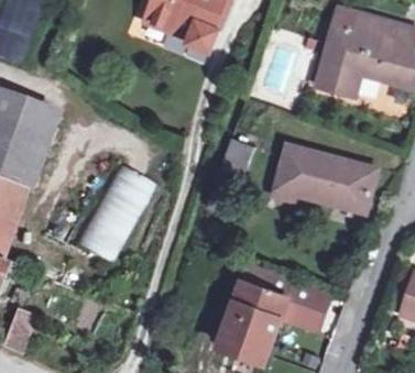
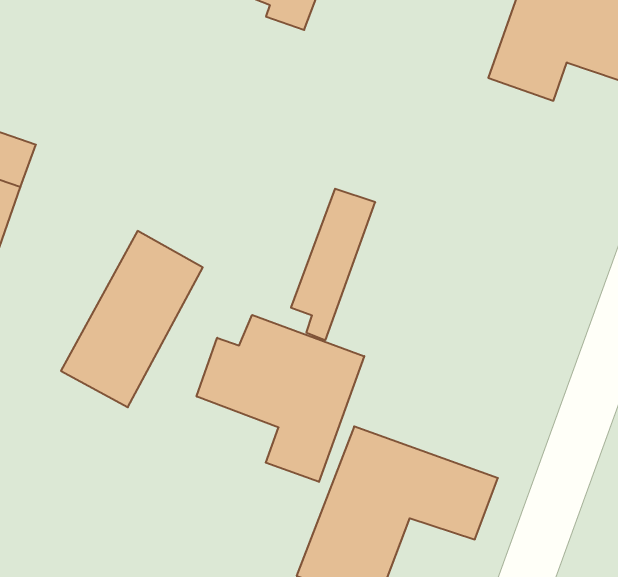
building: [276,135,381,208] -> none
building: none -> [197,315,364,482]

